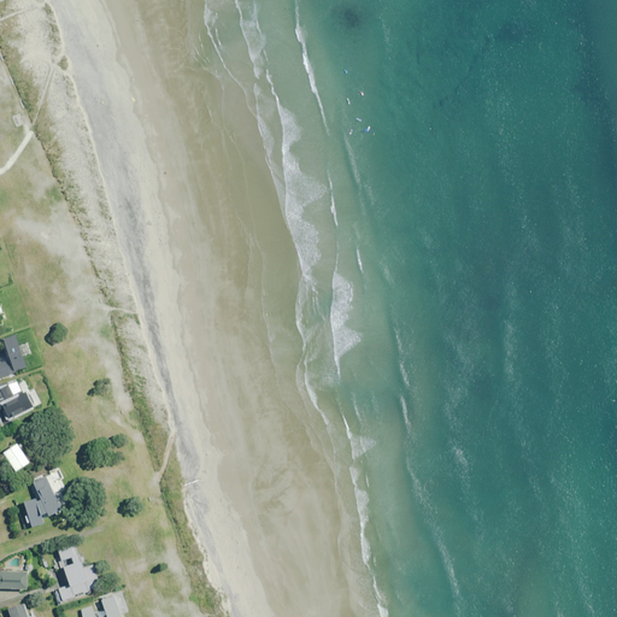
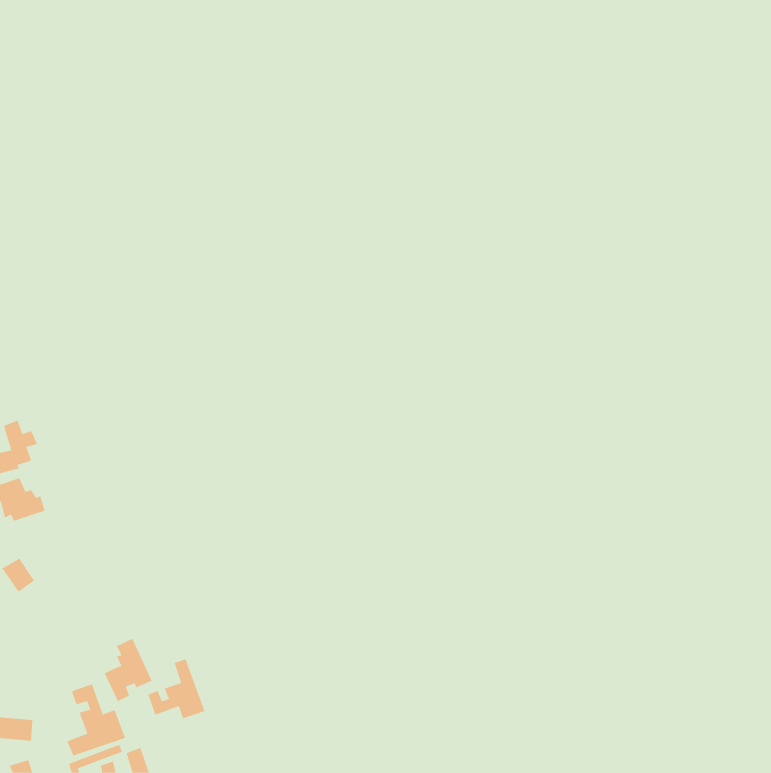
building: [22,476,60,527] -> [104,638,152,702]
building: none -> [147,659,205,719]

